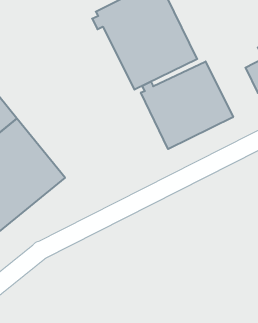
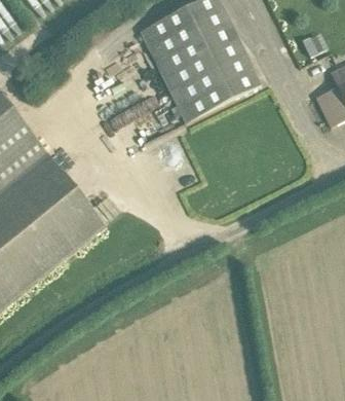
building: [141,61,233,149] -> none

